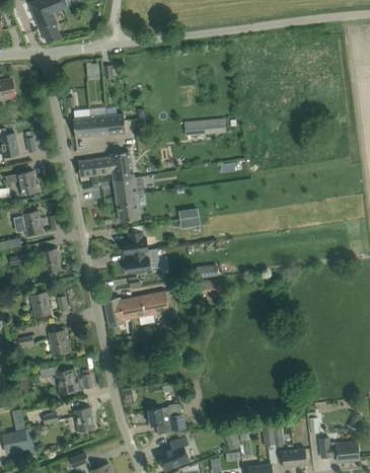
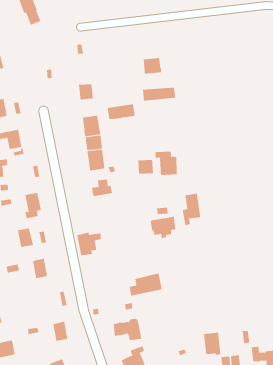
building: none -> [143,57,162,75]
building: [74,115,108,138] -> none
building: [78,157,114,176] -> [107,104,136,119]
building: none -> [155,151,177,176]
building: [22,210,44,235] -> none
building: [126,248,160,273] -> none
building: none -> [182,193,201,226]
building: [128,291,169,319] -> [129,273,162,296]
building: [41,367,76,394] -> none

